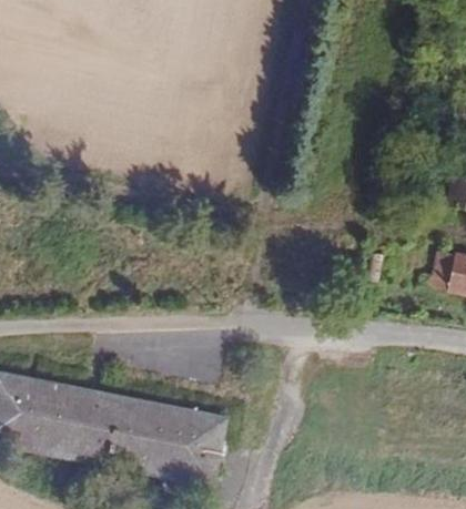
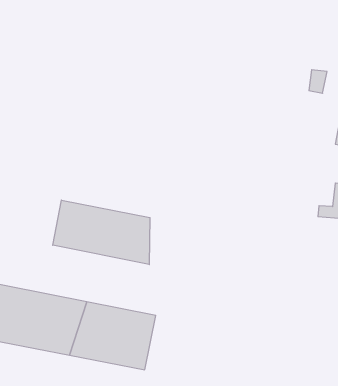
building: none -> [53,200,150,265]

